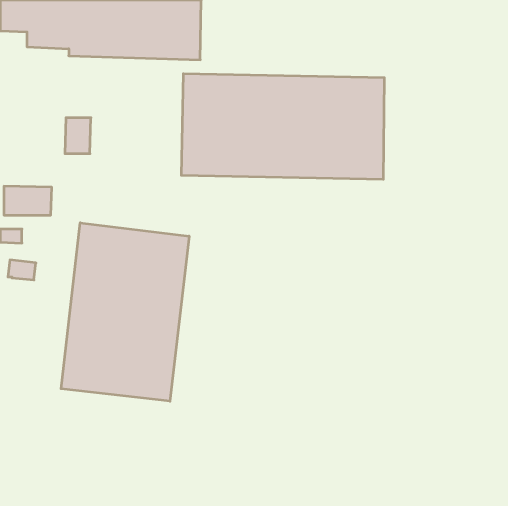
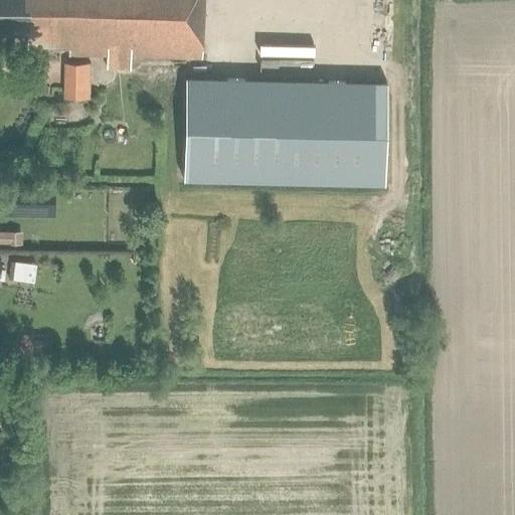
building: [65,118,91,154] -> [65,65,92,102]
building: [61,223,189,401] -> none

